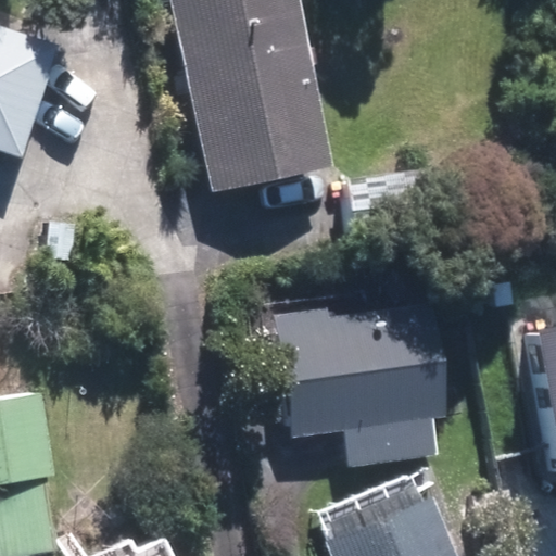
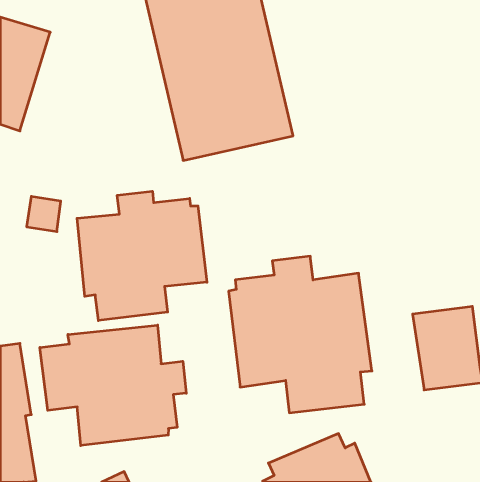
building: none -> [77,191,207,321]
building: none -> [40,325,186,446]

